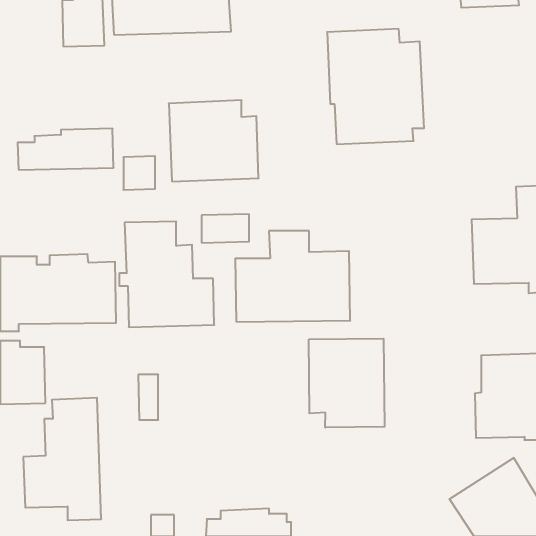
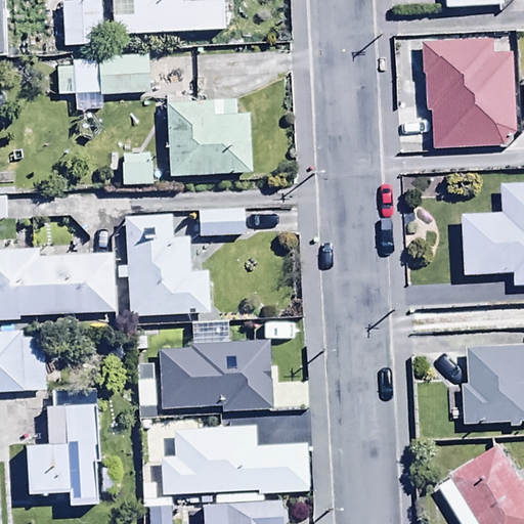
building: [327,29,424,144] -> [424,38,518,149]
building: [18,129,114,170] -> [57,54,150,94]
building: [235,231,350,322] -> [160,320,271,408]
building: [309,339,385,428] -> none
building: none -> [162,413,309,494]

